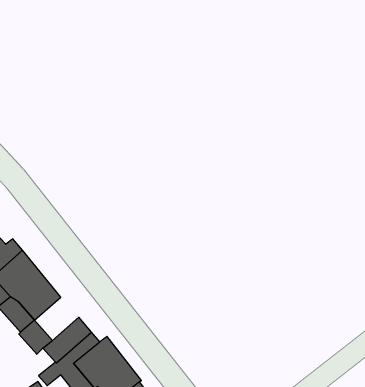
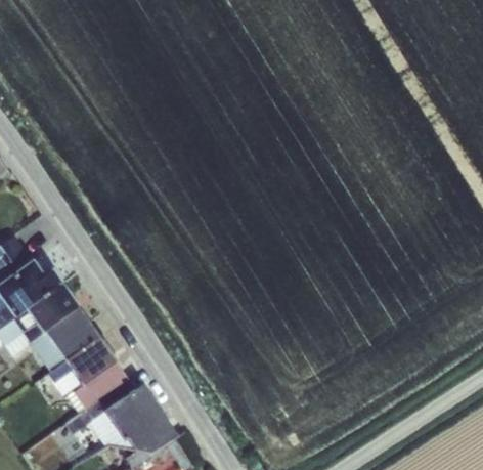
building: none -> [68,339,116,385]

